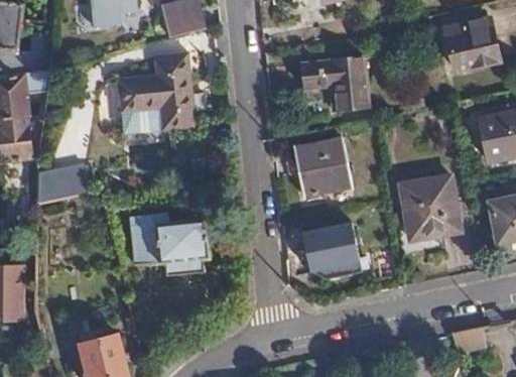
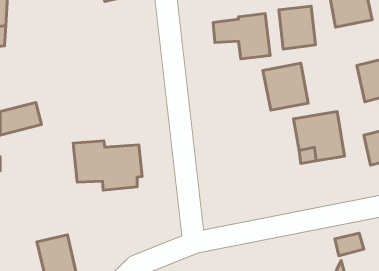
building: none -> [279,6,316,49]
building: [115,50,191,131] -> none
building: [290,138,347,197] -> [263,63,308,110]
building: [302,223,358,271] -> none

